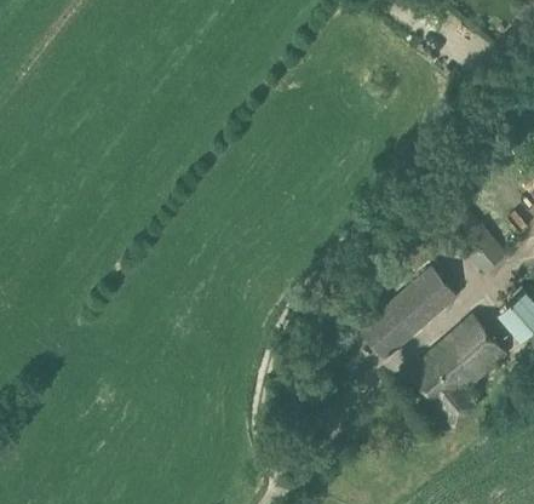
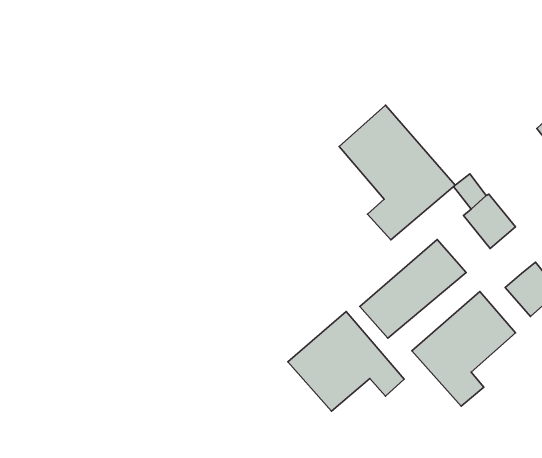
building: none -> [339,105,455,240]
building: none -> [288,311,404,411]

